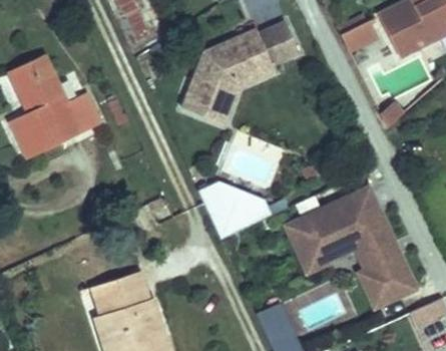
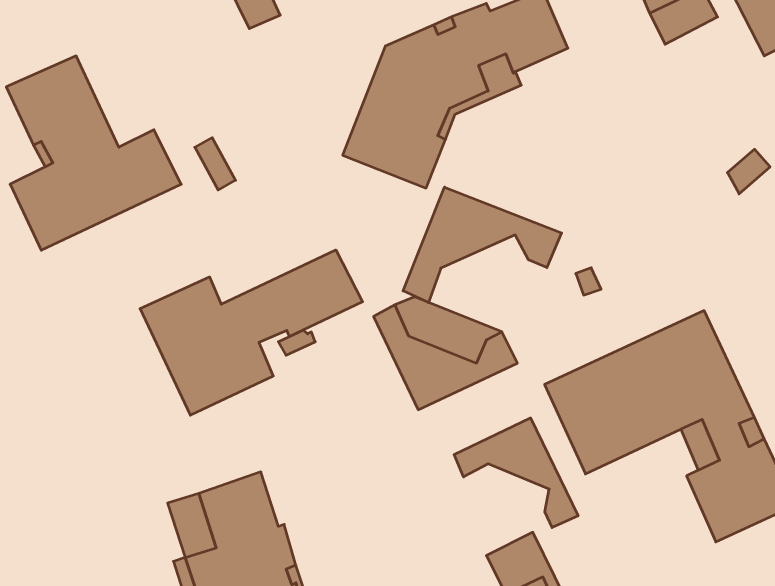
building: none -> [403,187,562,303]
building: none -> [140,250,363,415]
building: none -> [454,418,578,528]

